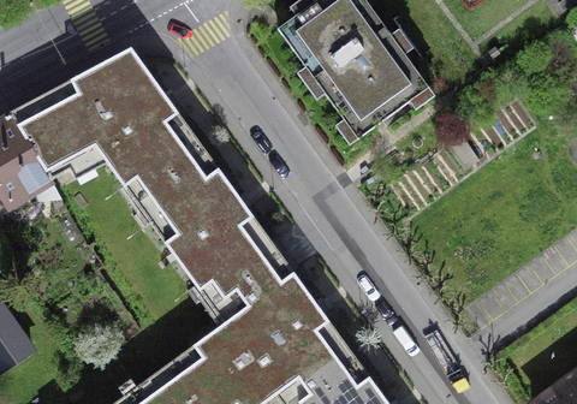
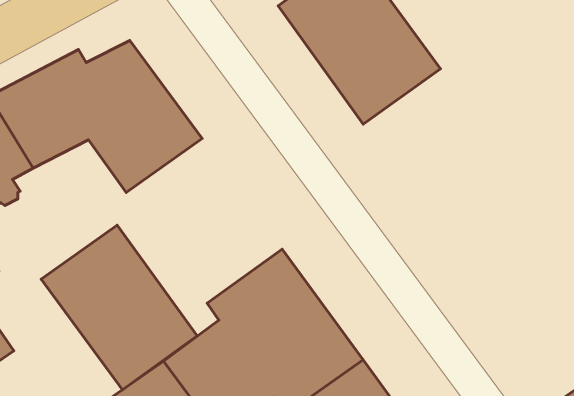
building: [136,153,281,307] -> [41,225,197,390]

